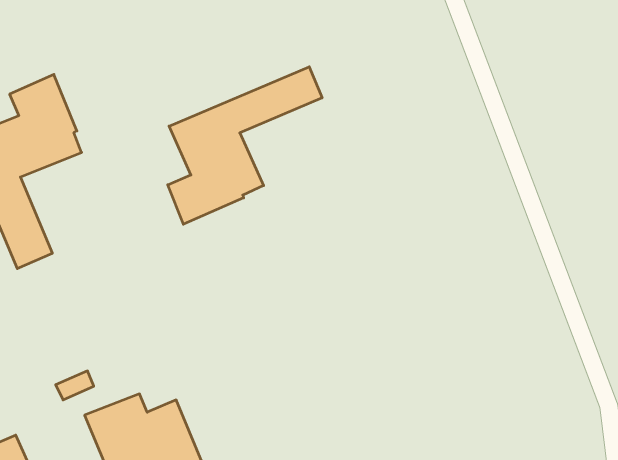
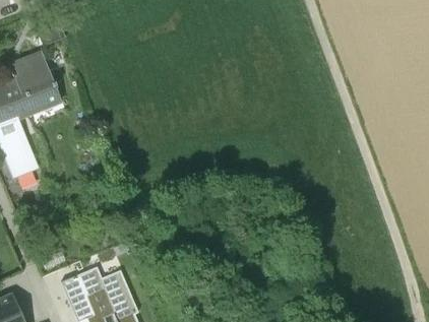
building: [168,67,322,224] -> none

